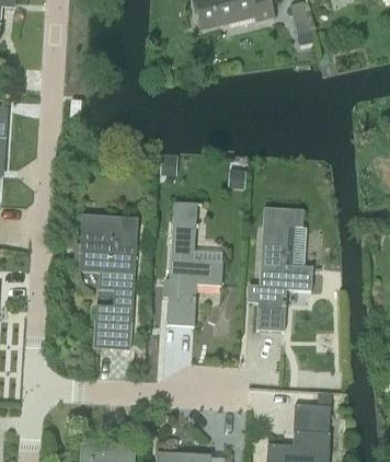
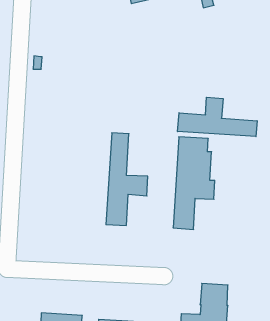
building: none -> [178,97,257,137]
building: [79,213,138,349] -> none

